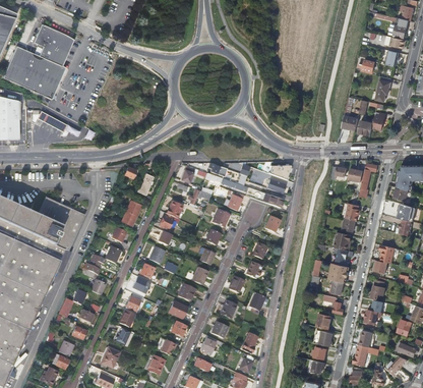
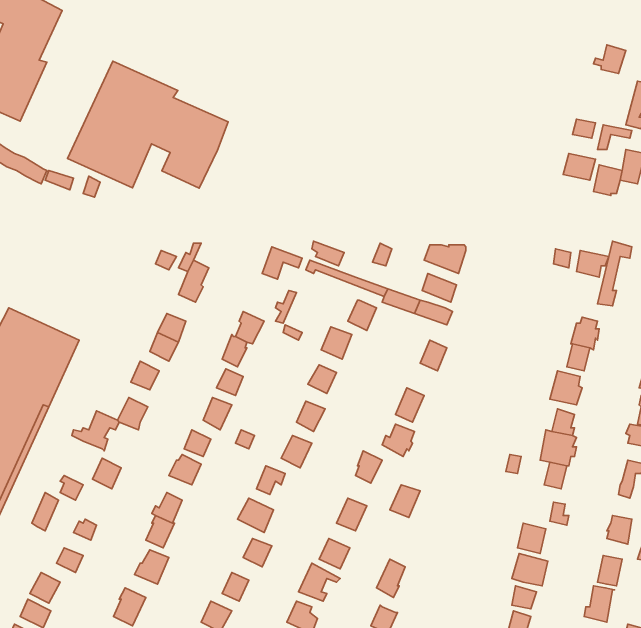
building: none -> [68,61,228,188]

